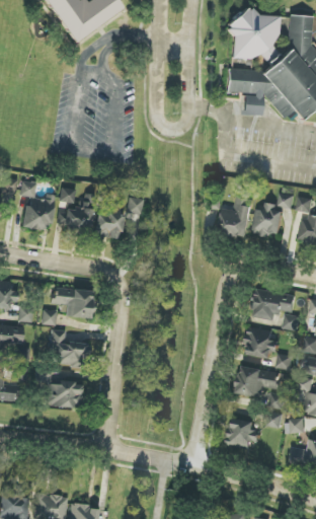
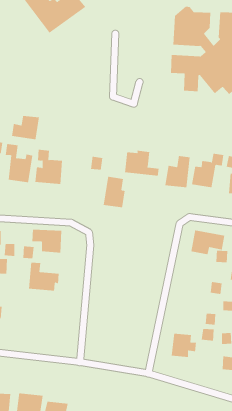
building: none -> [12,115,39,140]
building: none -> [125,150,159,176]
building: [95,199,124,238] -> [103,176,125,208]
building: [247,328,278,359] -> none
building: [237,365,283,397] -> none
building: [48,381,83,407] -> none

